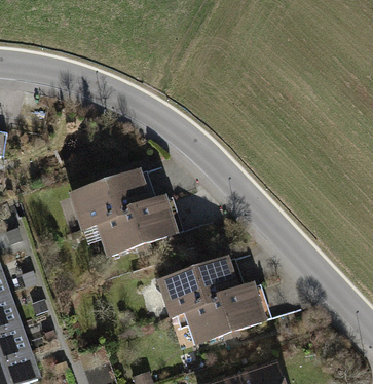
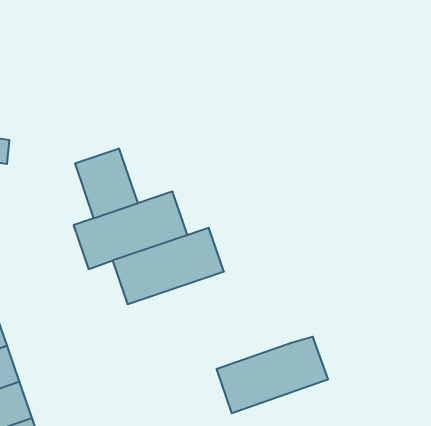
building: none -> [75,148,138,218]
building: [148,255,241,317] -> none

